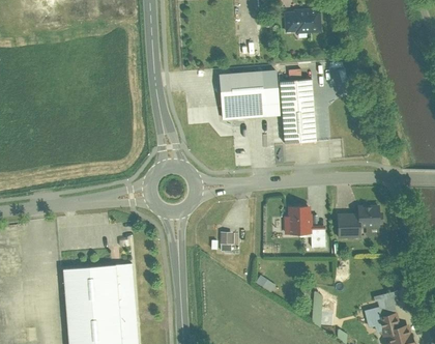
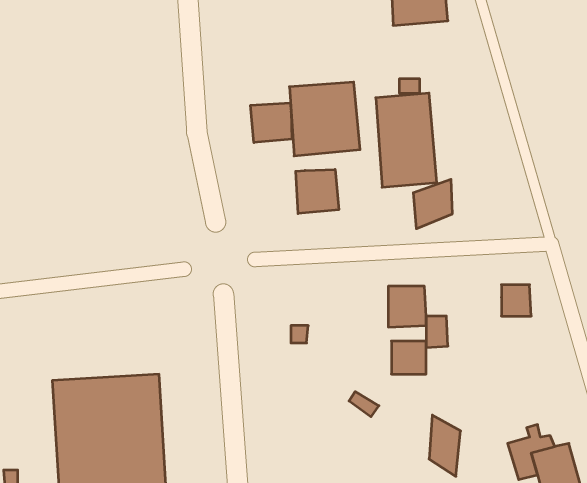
building: none -> [251,103,292,143]
building: none -> [296,169,339,214]
building: none -> [413,179,452,229]
building: [337,213,359,235] -> [391,341,426,374]

